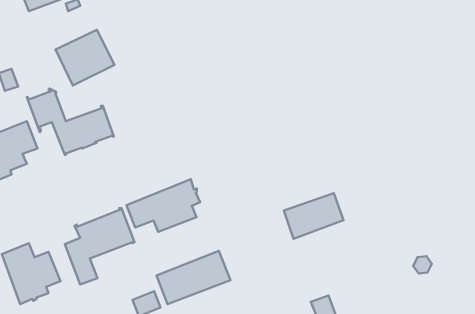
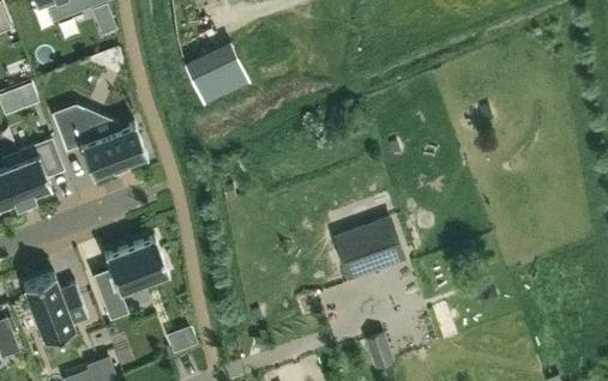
building: [56,30,114,85] -> [185,44,249,105]
building: [127,179,200,232] -> none
building: [157,251,231,304] -> none

